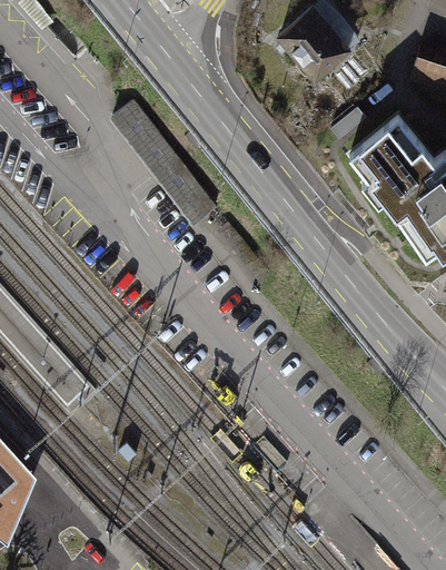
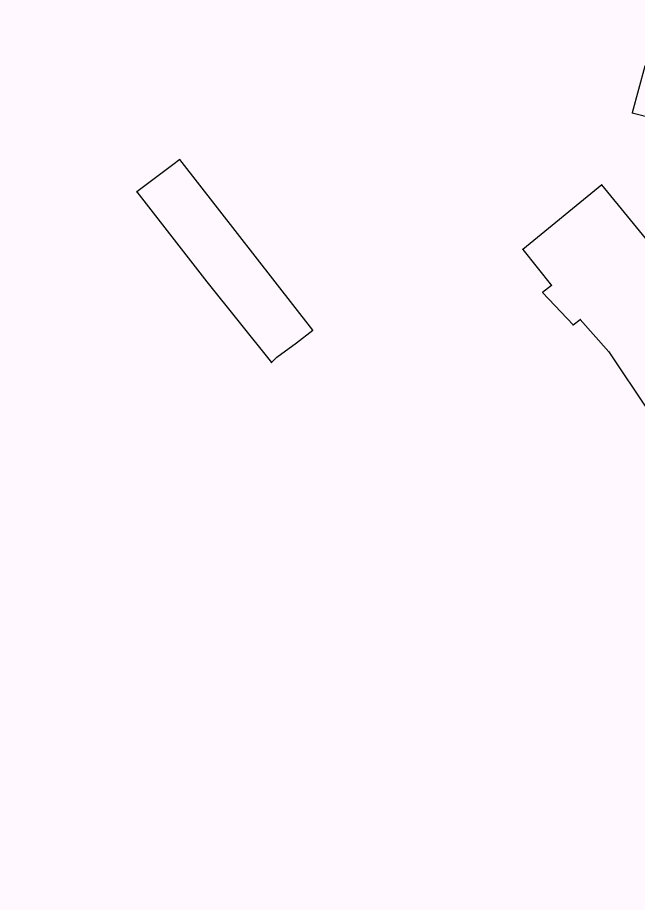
building: [278,8,349,79] -> none

